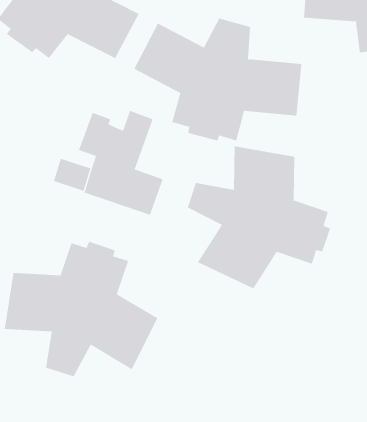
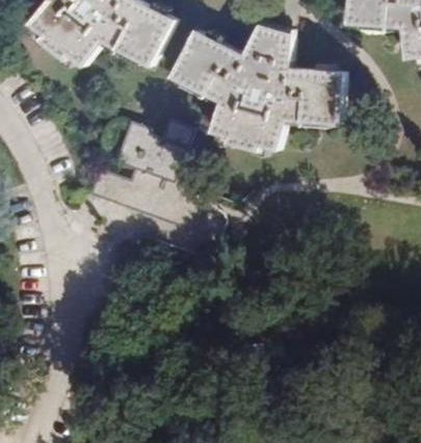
building: [187,145,331,289] -> none
building: [4,241,158,377] -> none

